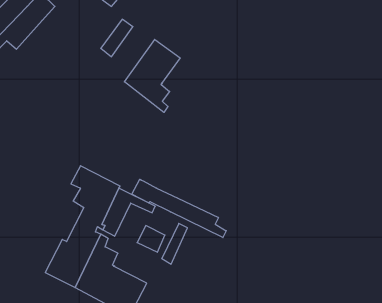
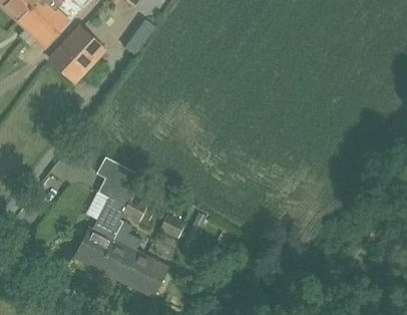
building: none -> [50,26,105,82]
building: [124,39,180,112] -> none
building: [132,179,226,238] -> none

